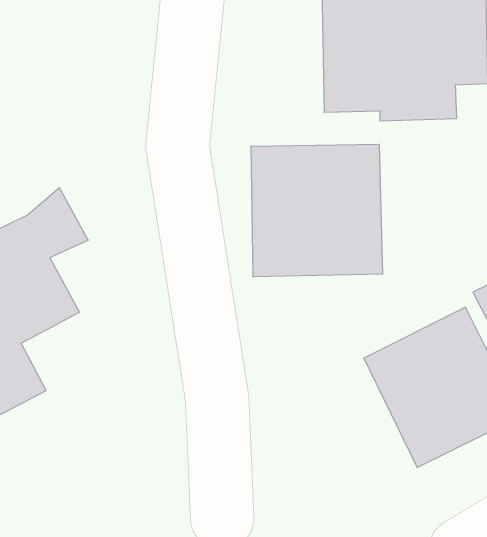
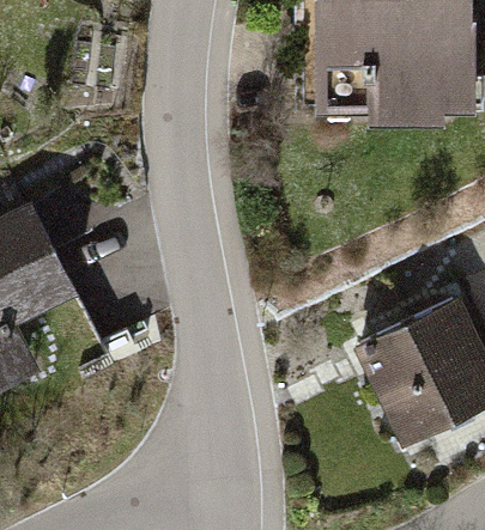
building: [251,144,382,277] -> none

